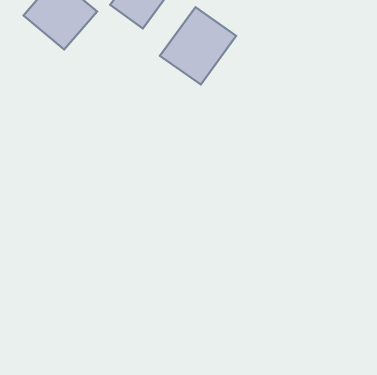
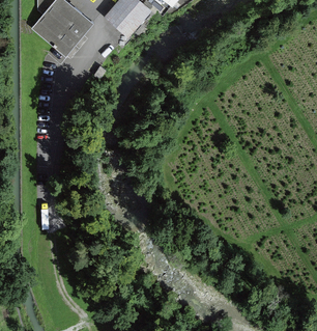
building: [160,7,236,85] -> none

